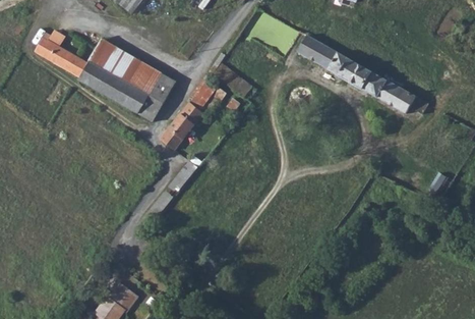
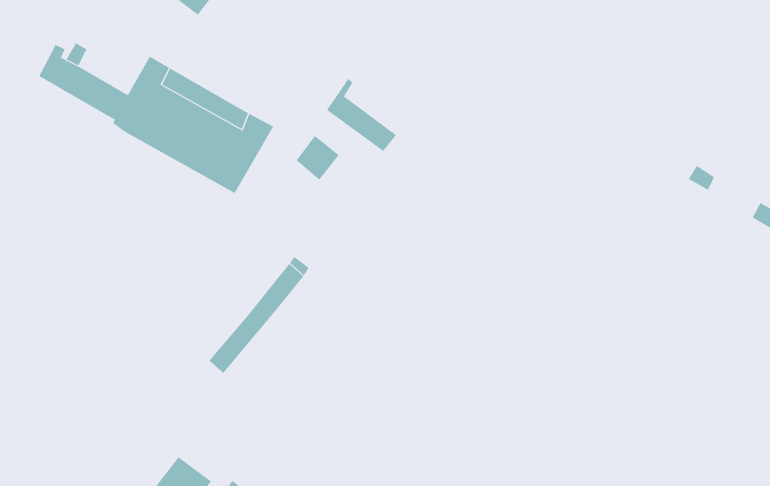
building: [296,33,426,111] -> none
building: [159,100,202,148] -> none

